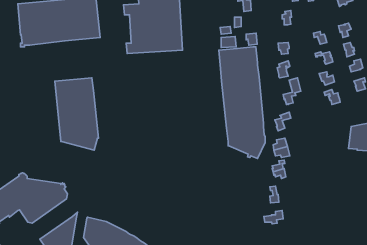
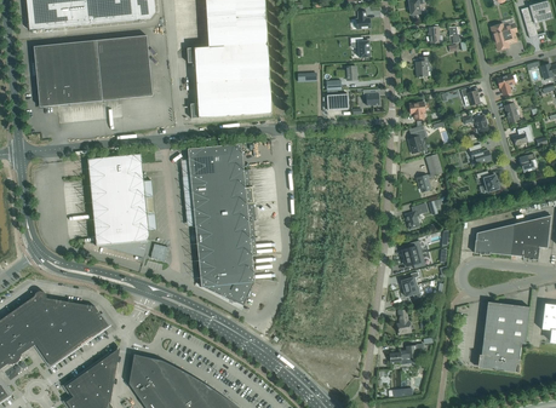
building: [219,47,265,158] -> [188,143,254,304]
building: none -> [474,223,515,254]
building: none -> [477,301,529,372]

